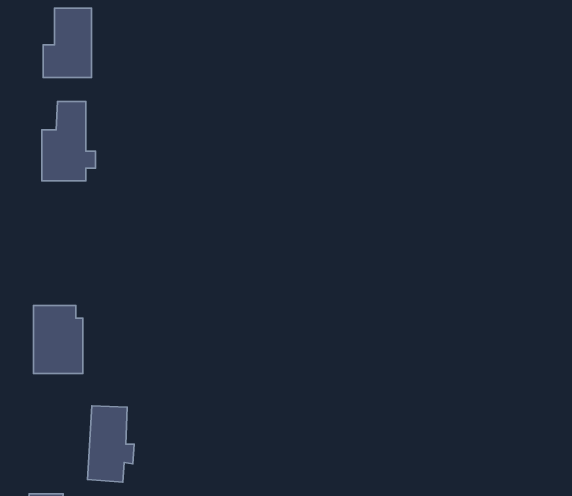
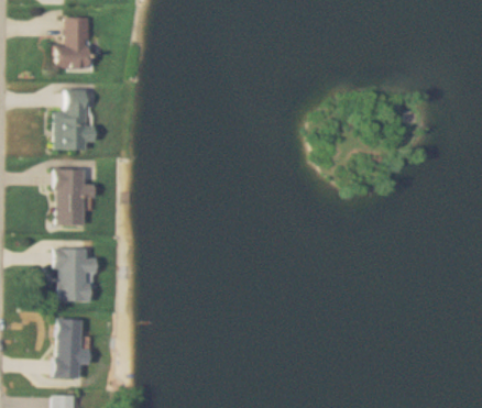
building: none -> [50,168,88,227]
building: [87,406,134,482] -> [48,318,85,377]

